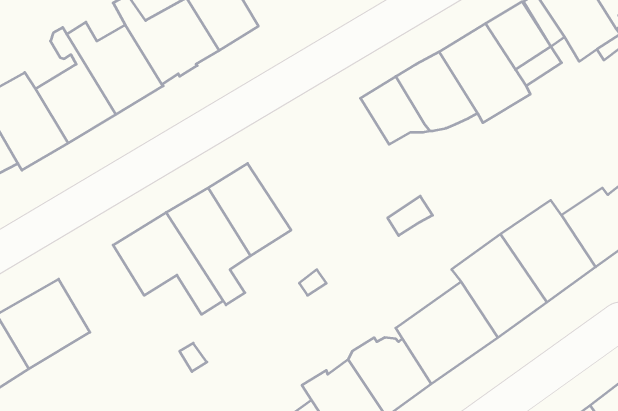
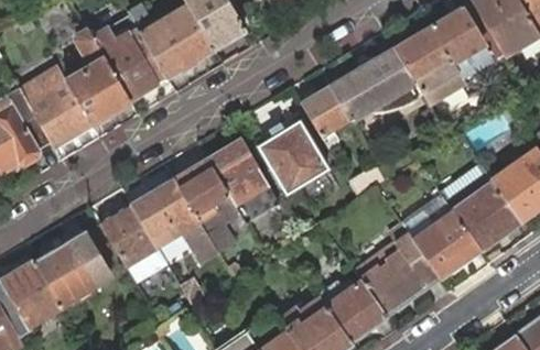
building: none -> [300,86,348,153]
building: none -> [260,122,332,194]
building: none -> [98,205,165,283]

